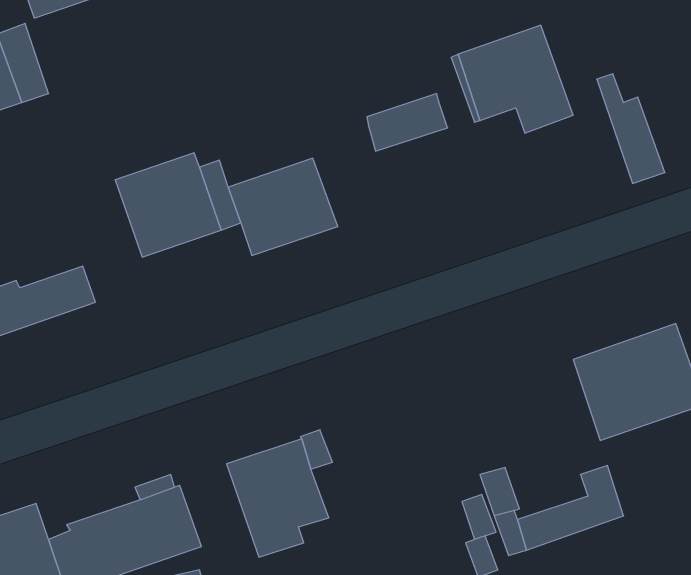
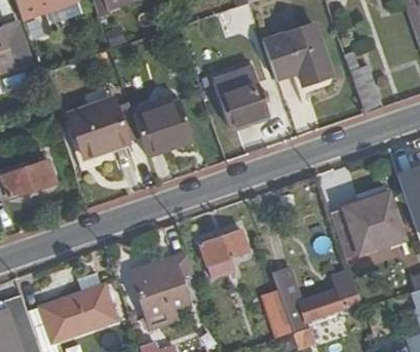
building: none -> [218,81,269,127]
building: none -> [201,231,249,280]

